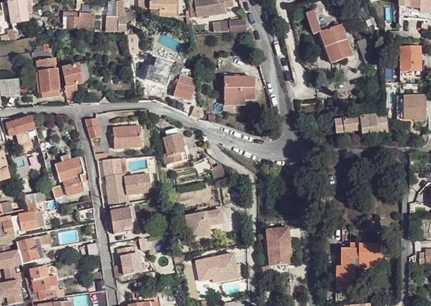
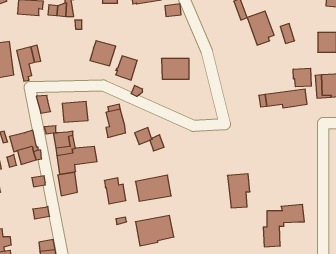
building: none -> [293,68,311,87]
building: [264,227,289,265] -> [227,174,250,208]
building: [117,246,141,275] -> [104,178,126,204]

